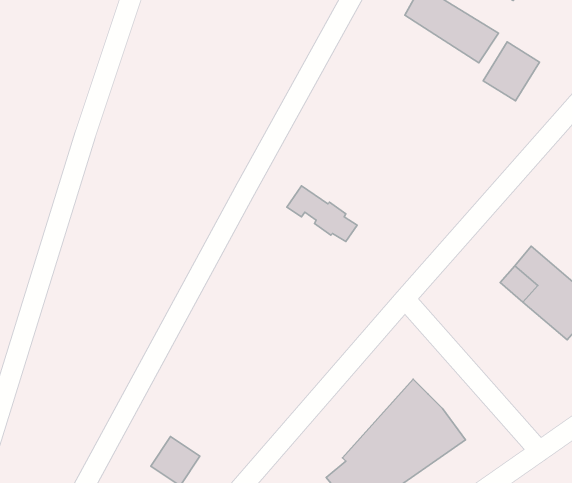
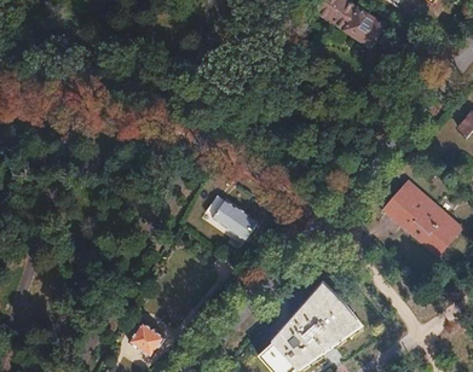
building: [483,42,540,101] -> none
building: [287,186,357,242] -> [203,196,255,237]

